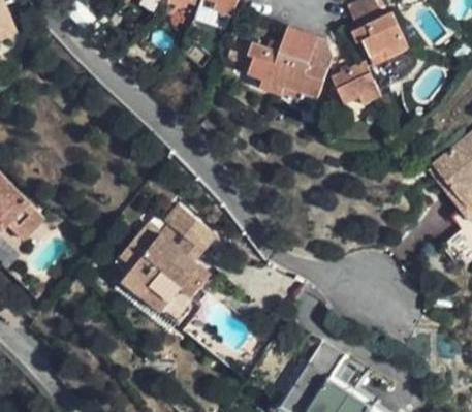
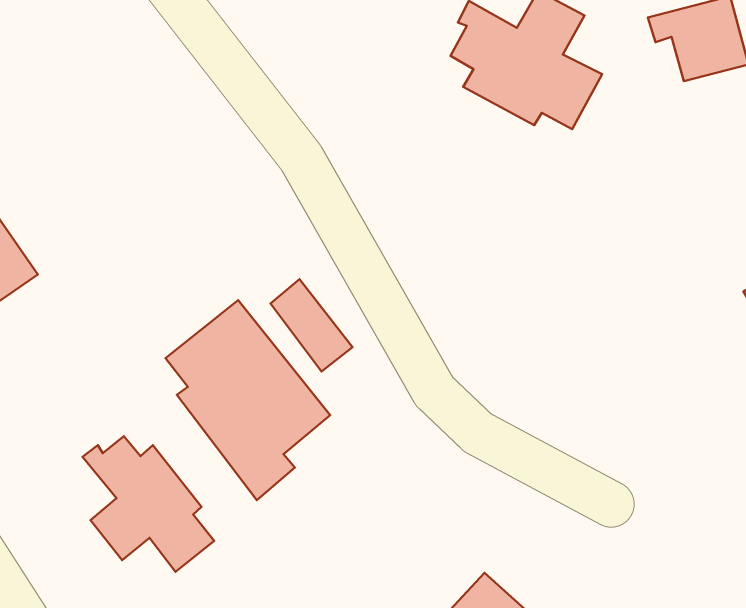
building: [332,60,383,105] -> none
building: none -> [83,436,214,572]

